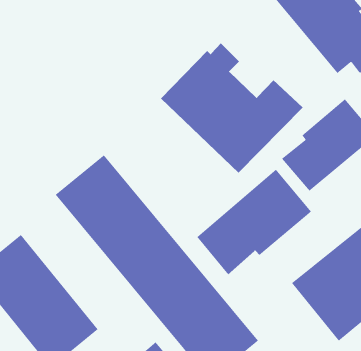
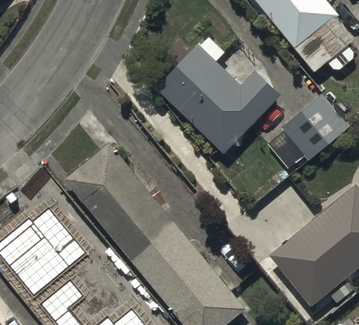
building: [196,169,312,275] -> none

